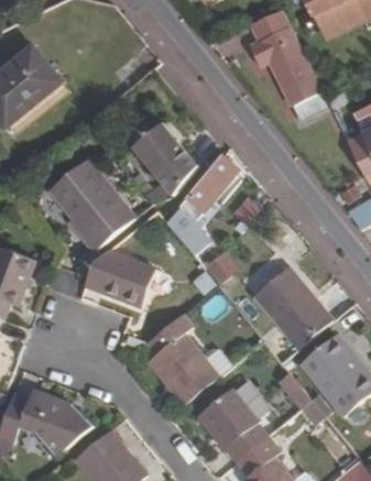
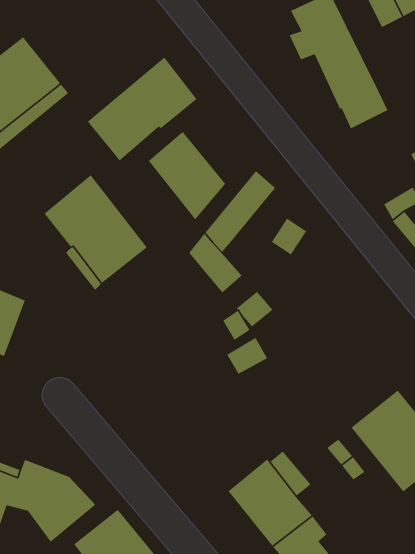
building: none -> [87,57,198,161]
building: [83,250,154,306] -> none
building: [252,265,331,348] -> none
building: [145,313,218,405] -> none

